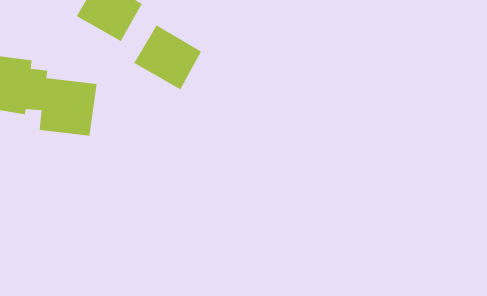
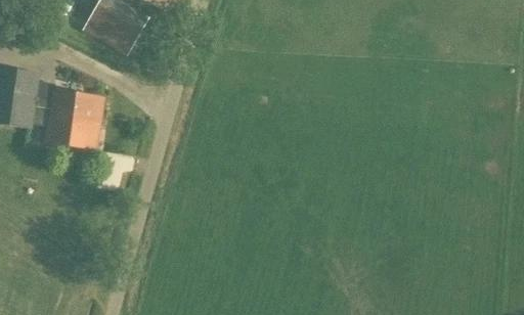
building: [134,24,202,90] -> none

